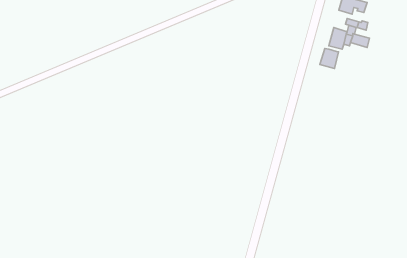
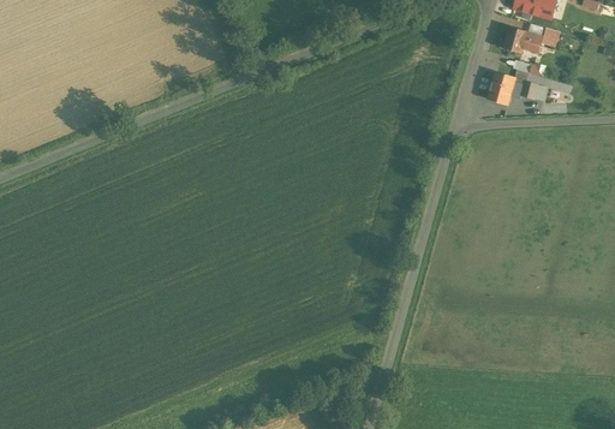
building: [320,48,339,69] -> none

